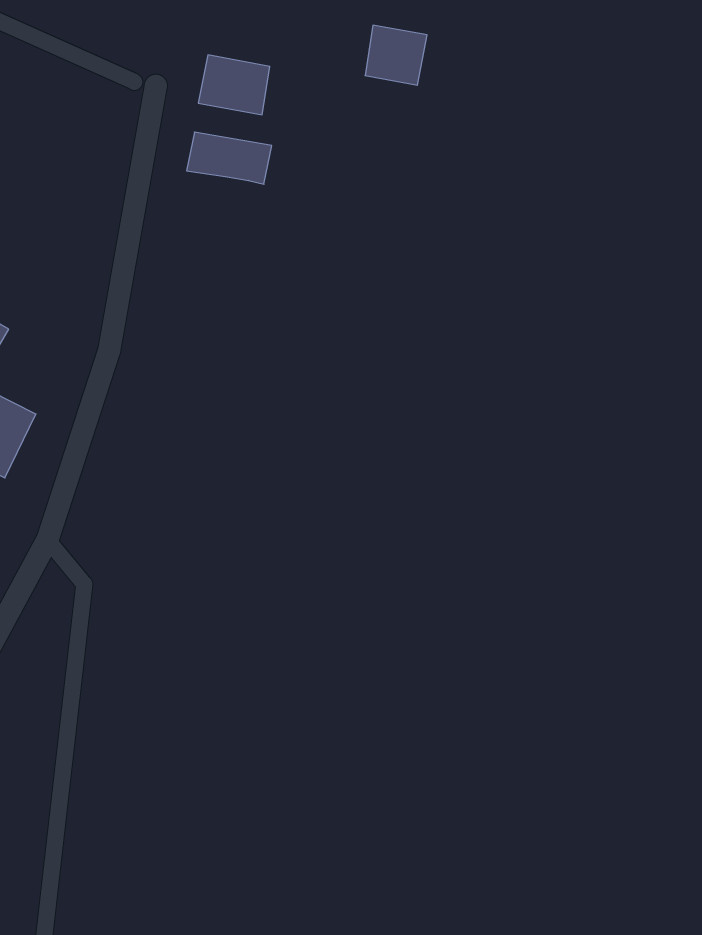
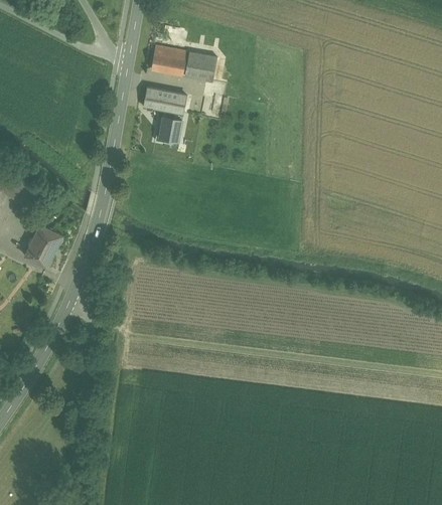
building: [365,25,427,85] -> [184,50,216,81]
building: none -> [157,109,180,146]

